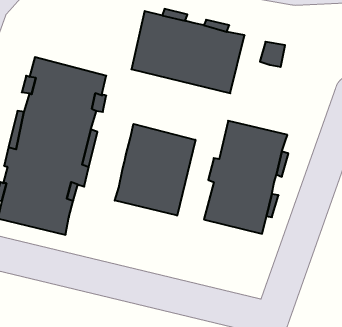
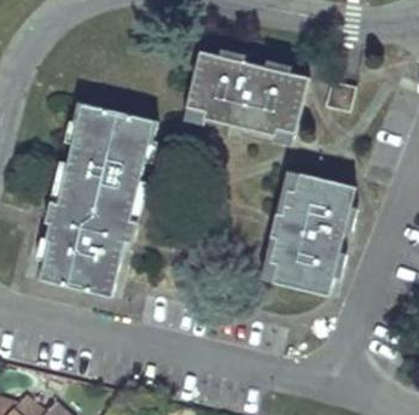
building: [115,124,195,216] -> none

